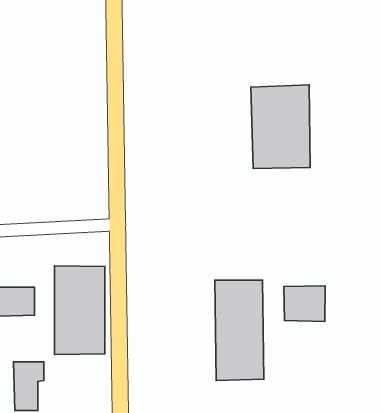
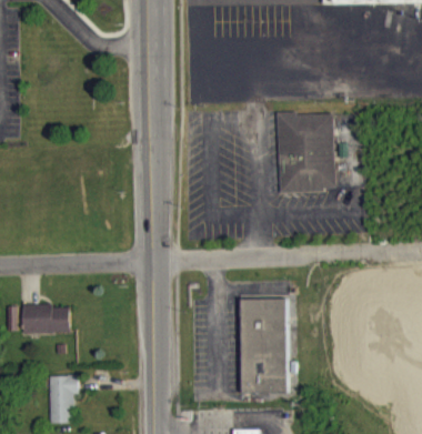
building: [54,266,105,354] -> none
building: [284,286,325,322] -> none

